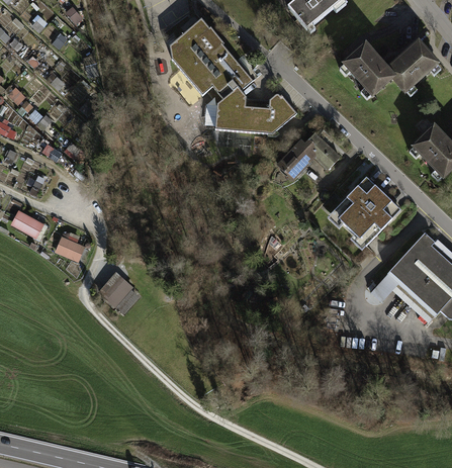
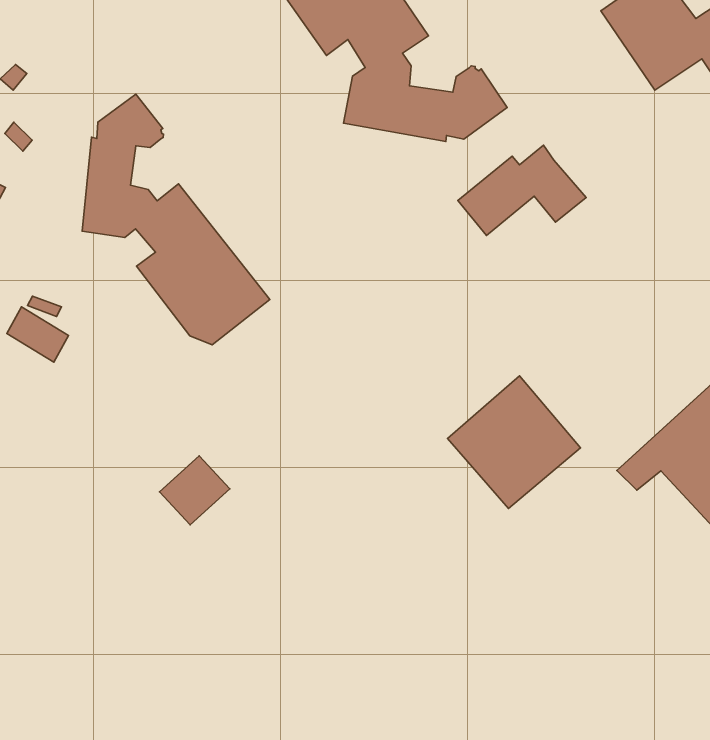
building: none -> [82,94,270,345]
building: [330,176,397,244] -> [447,376,580,509]
building: [100,273,135,308] -> [159,456,230,525]

